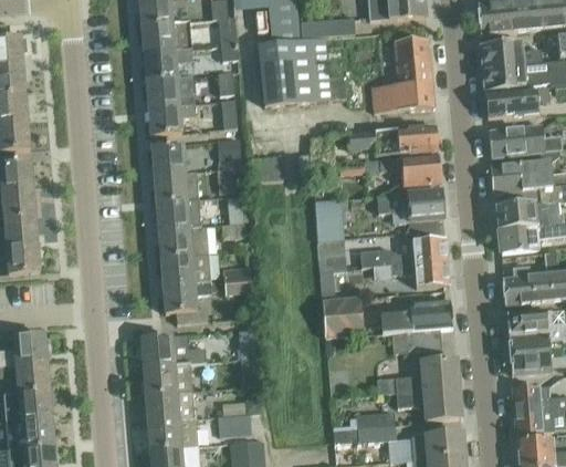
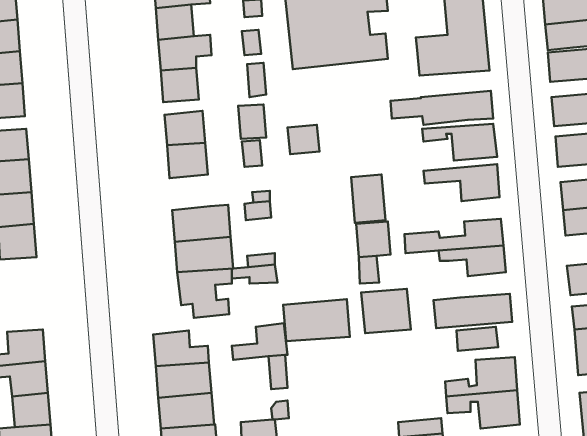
building: [156,198,201,229] -> none
building: none -> [283,299,350,341]

